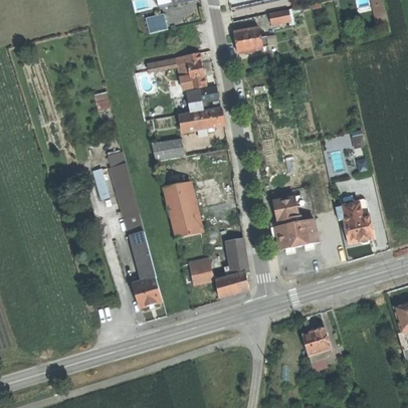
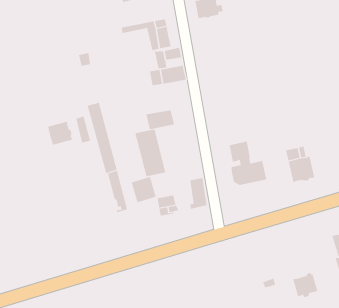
building: [151,139,185,162] -> [146,110,175,130]
building: none -> [47,121,73,145]
building: [216,272,248,298] -> none
building: [132,276,162,308] -> [131,176,156,203]
building: [301,327,332,357] -> [292,272,318,298]

